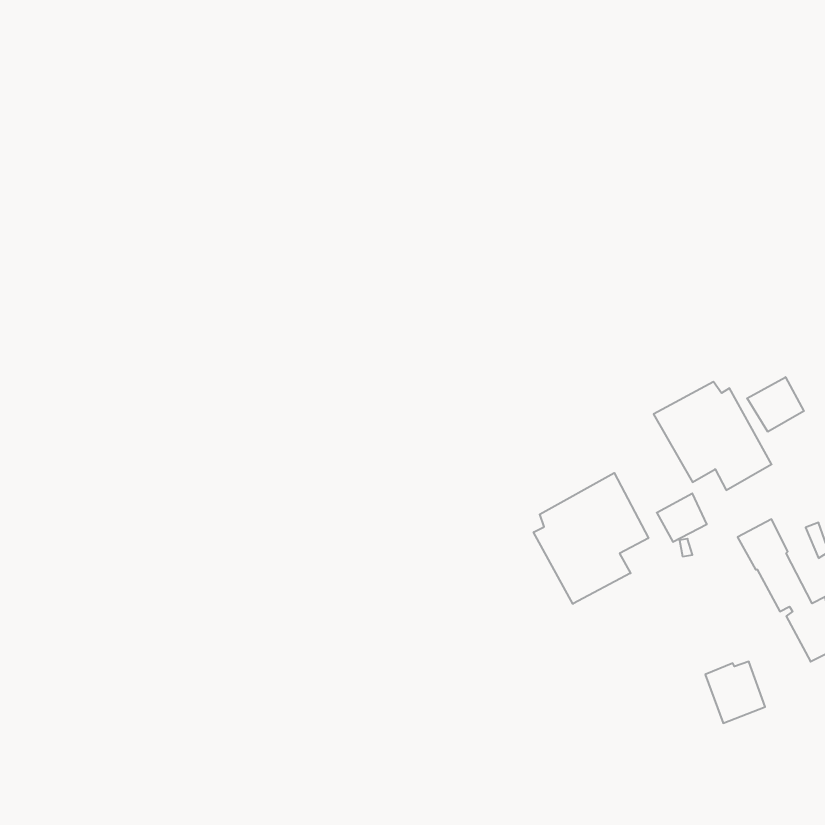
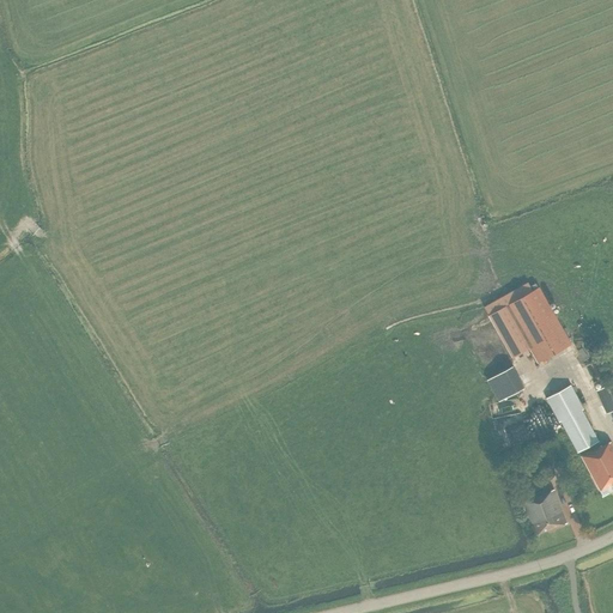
building: [747,377,804,432] -> none
building: [534,473,648,604] -> none

